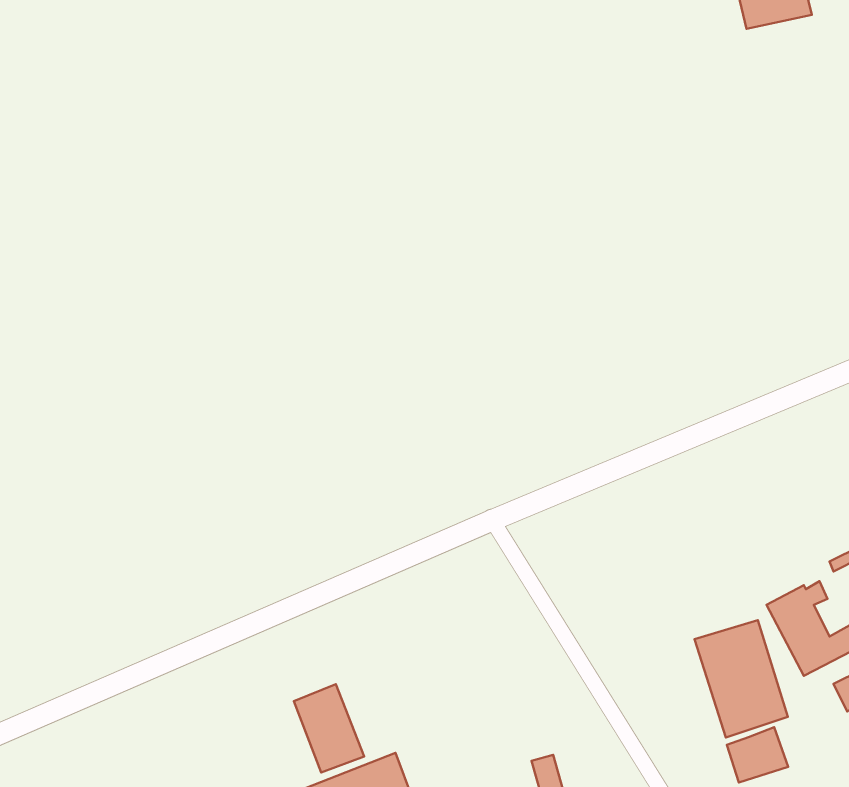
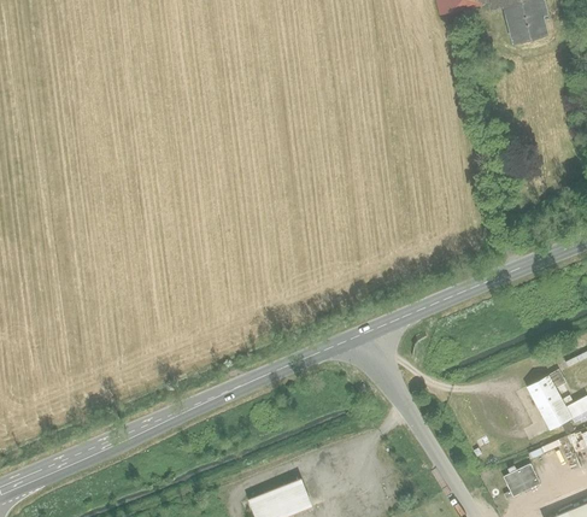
building: [694,620,788,738] -> none
building: [294,684,364,773] -> none

